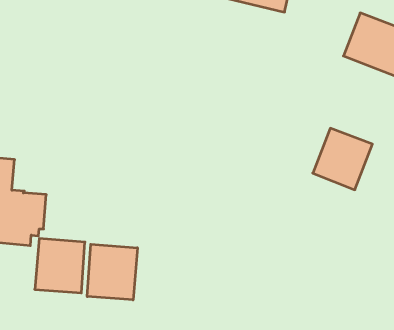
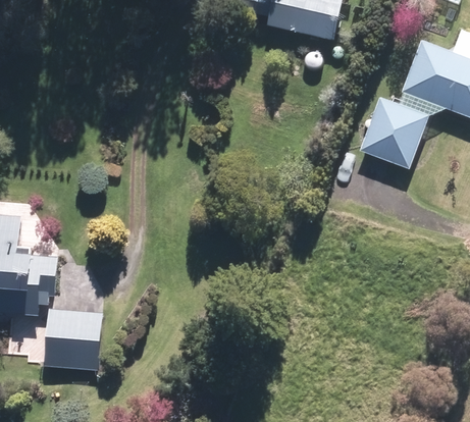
building: [313,128,372,190] -> [359,98,428,169]
building: [87,244,137,300] -> none

